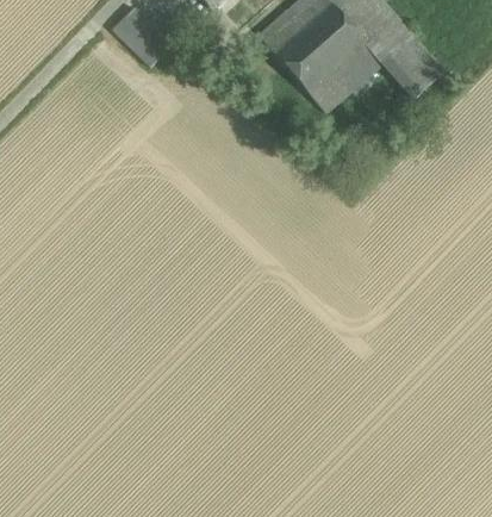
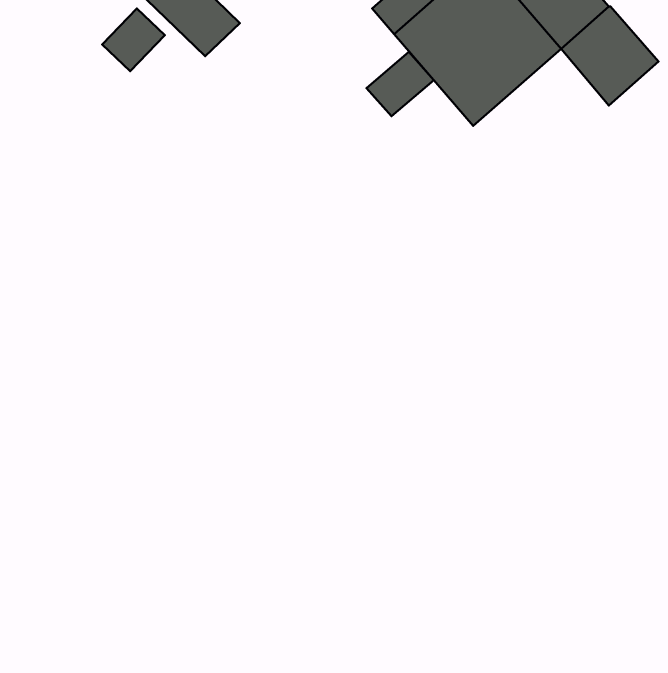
building: none -> [102,9,165,71]
building: none -> [367,52,434,116]

